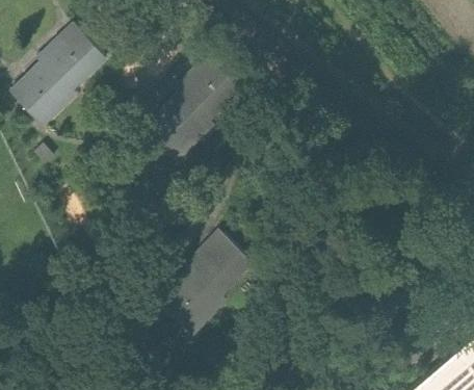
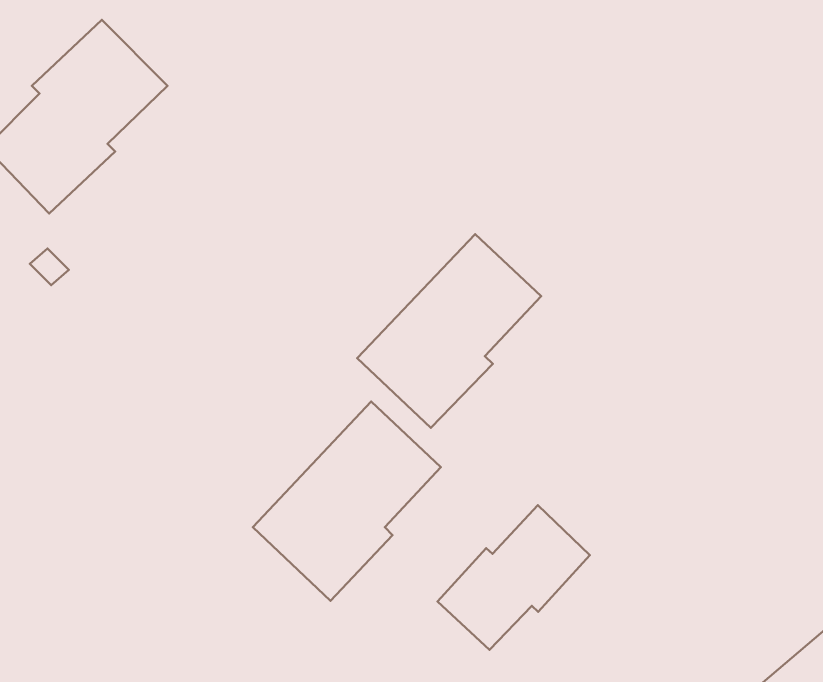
building: [142,56,241,160] -> [357,234,541,428]
building: none -> [438,505,590,650]

